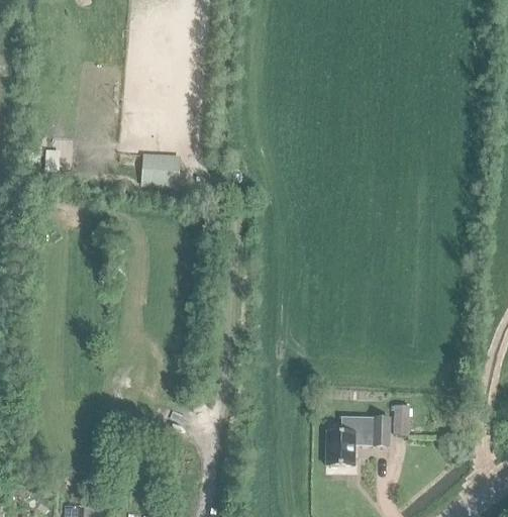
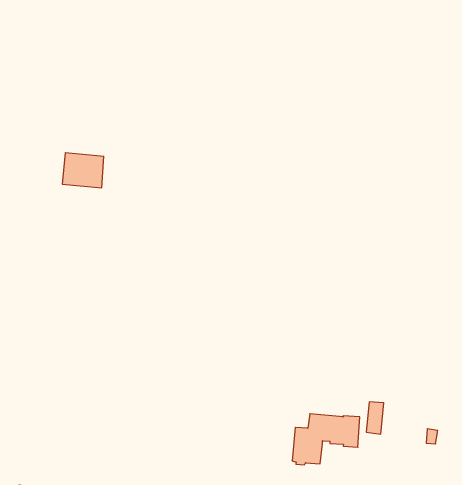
building: [141,152,180,184] -> [62,153,104,188]

